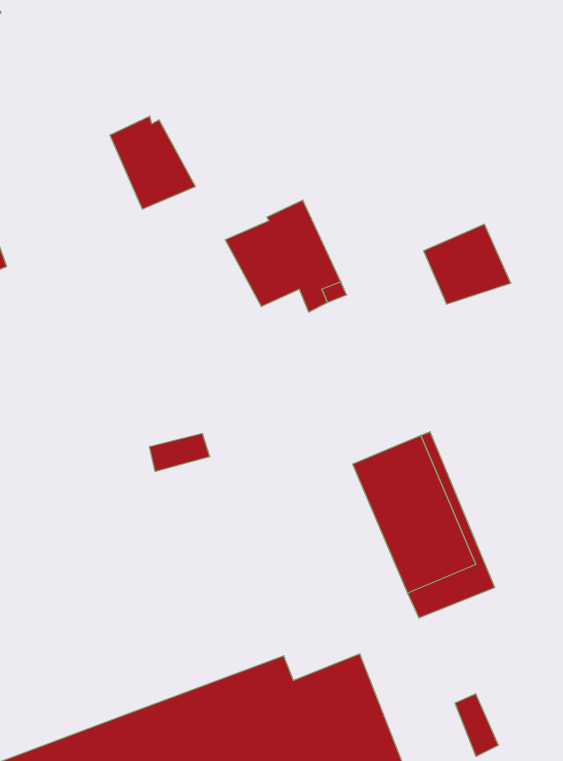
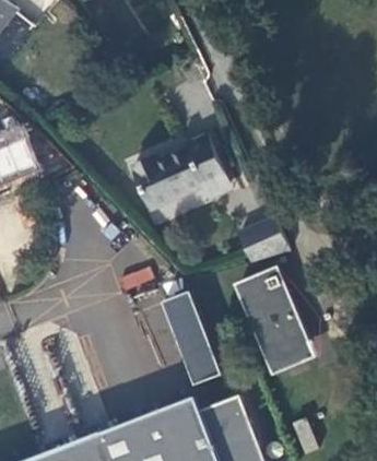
building: [110,116,195,209] -> [131,154,180,208]
building: [424,224,511,304] -> [238,215,288,261]
building: none -> [162,289,222,383]

